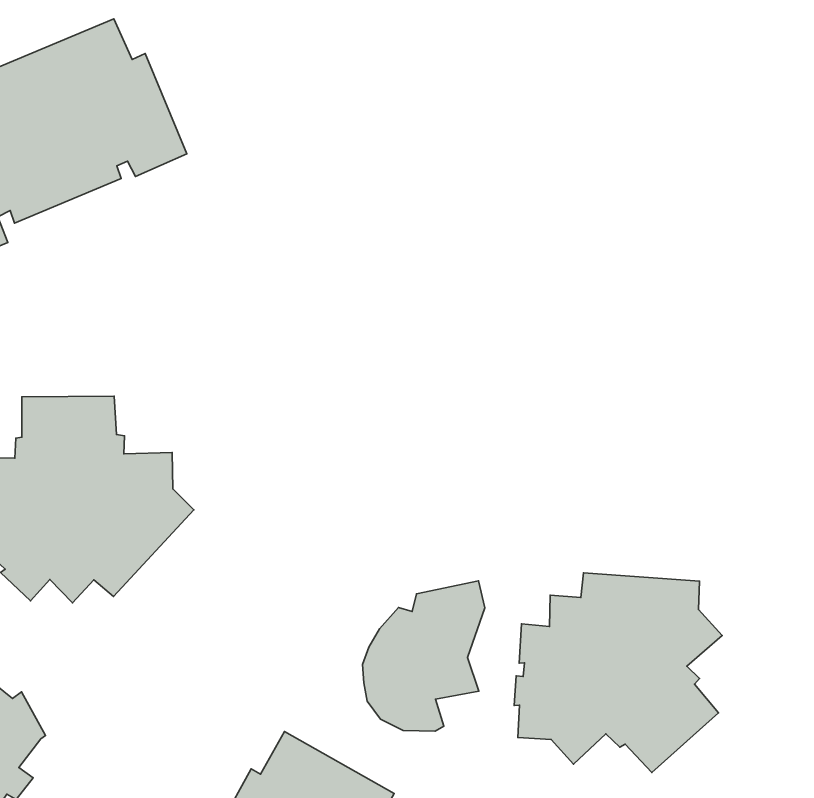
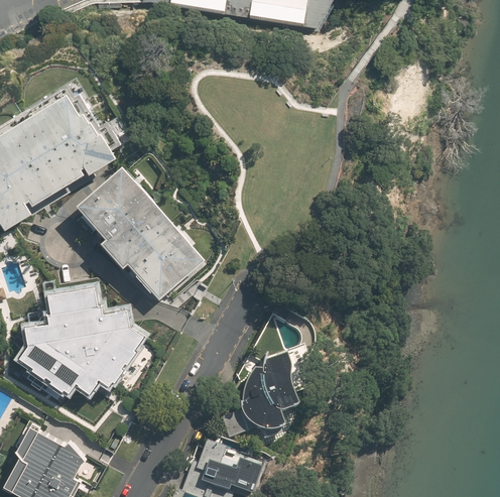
building: none -> [78,166,206,298]
building: [514,573,722,772] -> none

